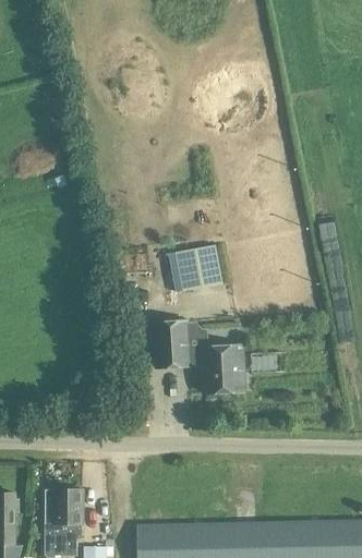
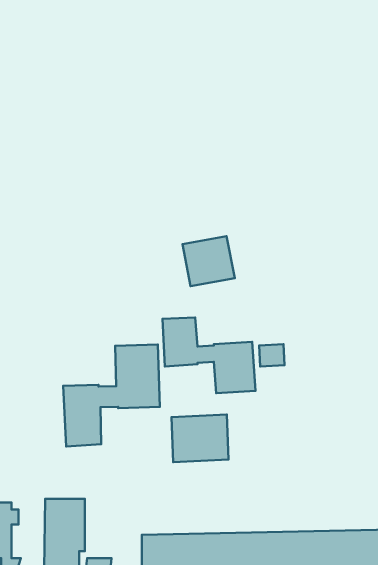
building: none -> [63,344,160,446]
building: none -> [172,415,228,462]

